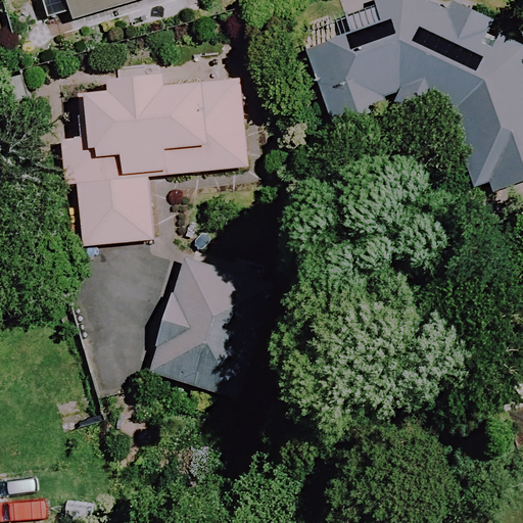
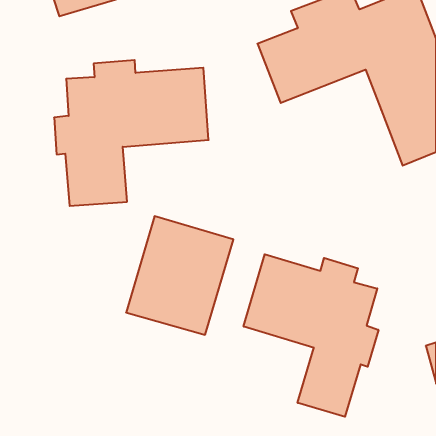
building: none -> [244,254,378,417]

